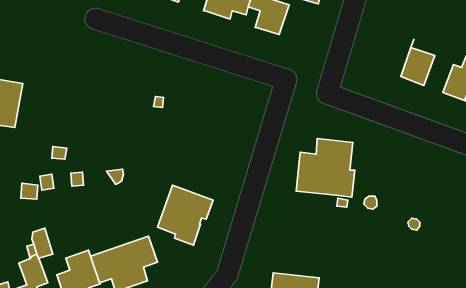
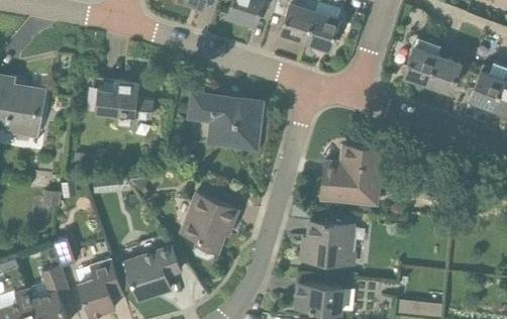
building: none -> [304,10,339,49]
building: none -> [404,37,440,83]
building: none -> [95,80,154,124]
building: none -> [190,94,260,148]
building: none -> [301,220,356,265]

